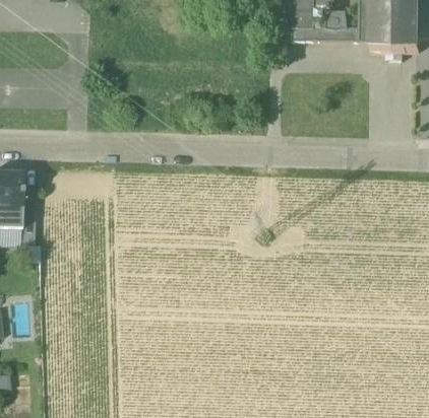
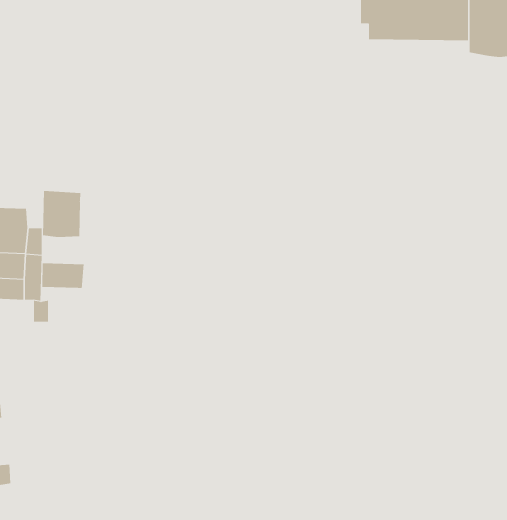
building: none -> [42,190,81,238]
building: none -> [42,263,84,289]

